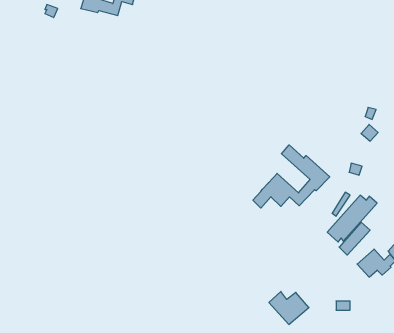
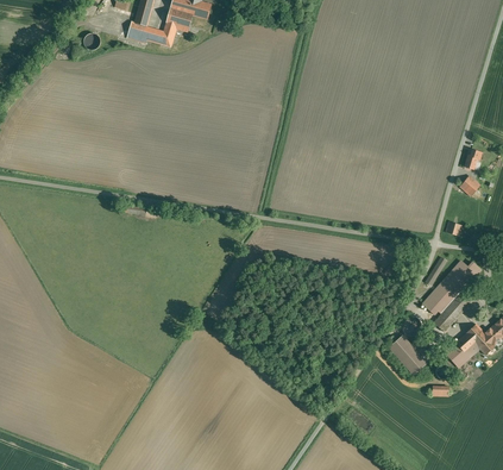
building: [253,145,330,208] -> none
building: [269,291,309,324] -> [390,336,438,375]

